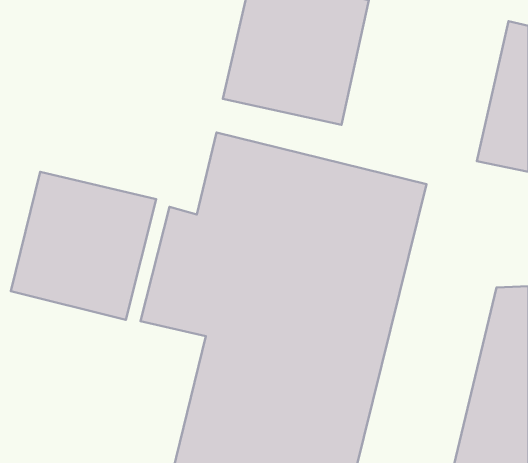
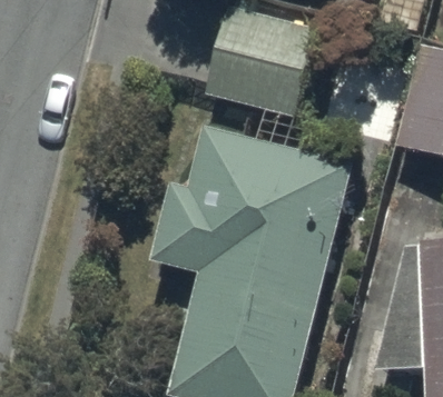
building: [11,172,156,320] -> none

